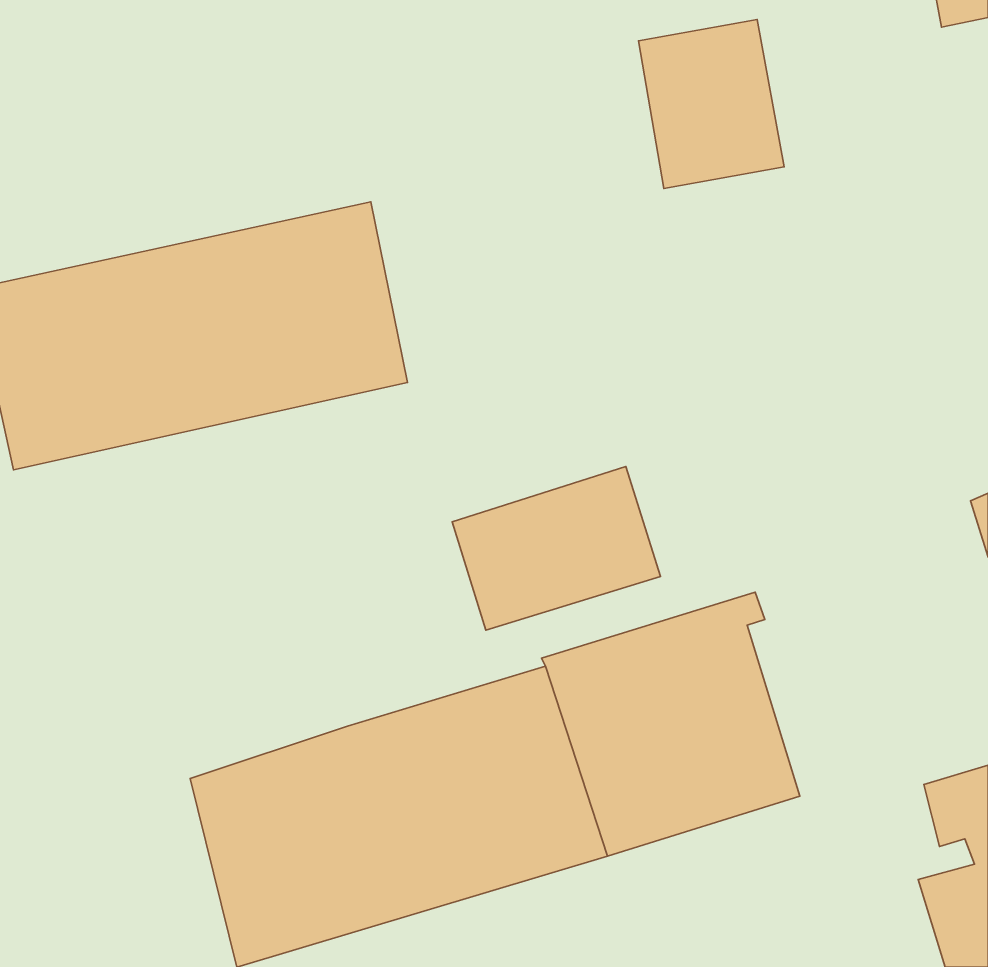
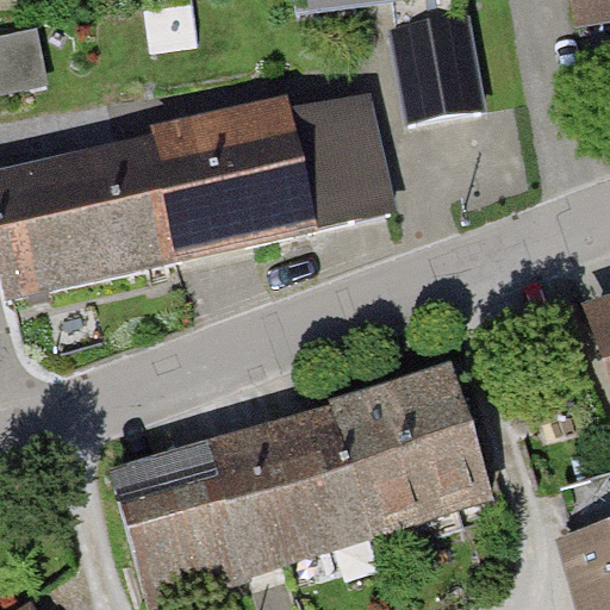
building: none -> [228,92,391,235]
building: [452,466,660,630] -> none

